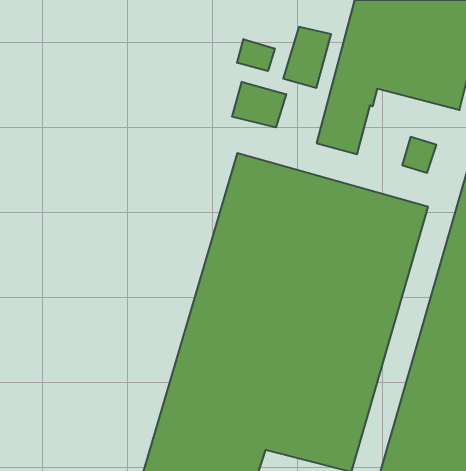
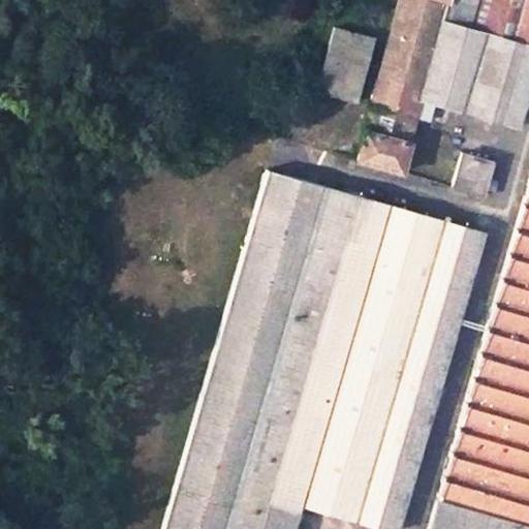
building: [237,39,275,71] -> none
building: [232,82,286,127] -> none

